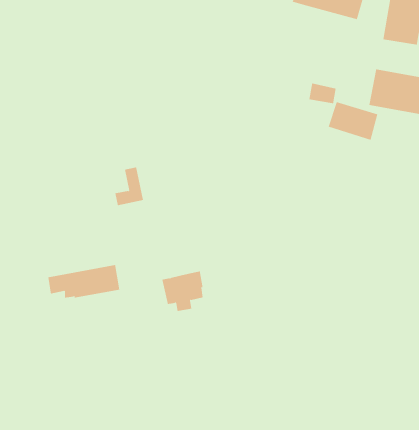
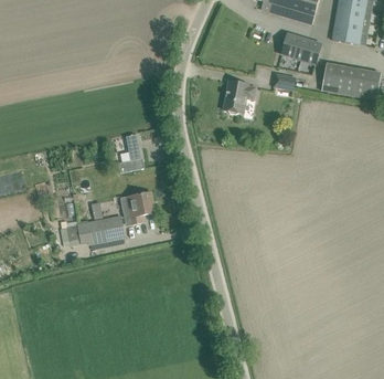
building: none -> [222,80,255,114]
building: [328,101,378,141] -> [280,33,320,64]
building: [162,271,203,312] -> [119,191,152,223]

